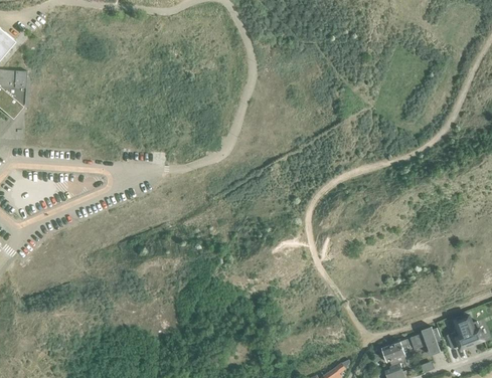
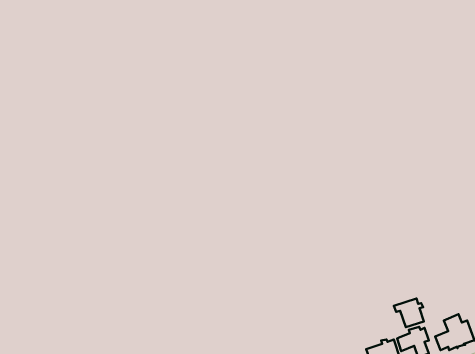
building: none -> [394,298,424,327]

